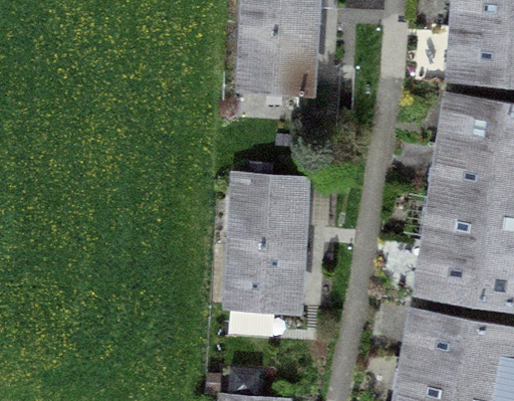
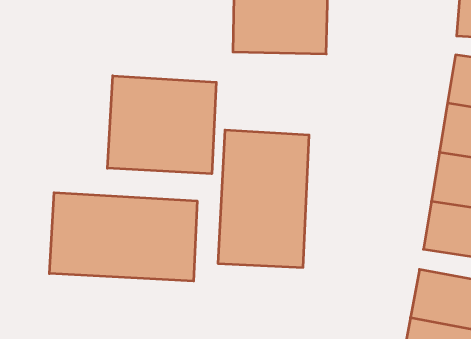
building: none -> [107,76,216,174]
building: none -> [49,193,197,281]

